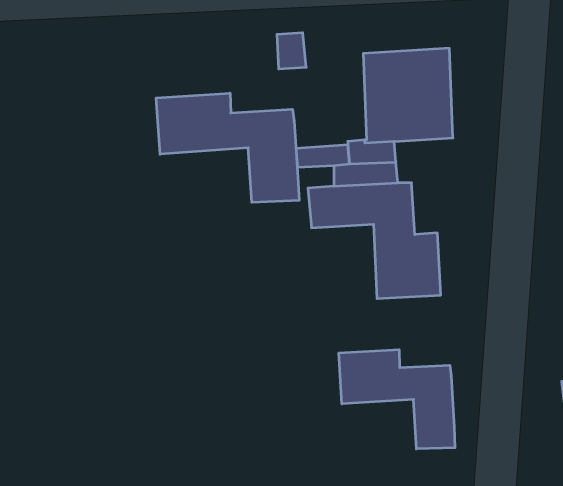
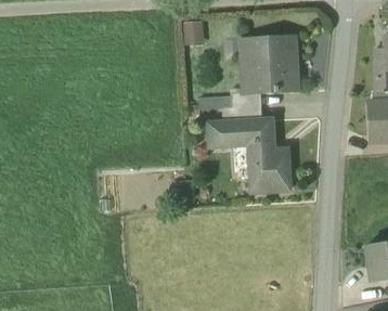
building: [156,93,299,202] -> none
building: [339,350,455,449] -> none

